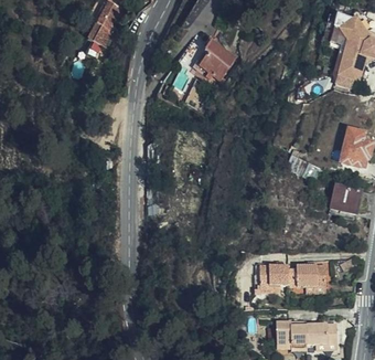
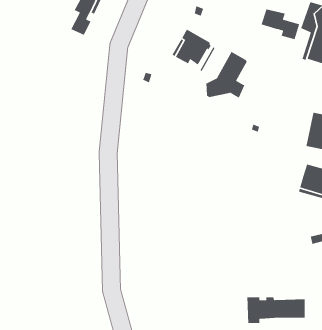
building: none -> [261,8,300,40]
building: none -> [206,51,248,99]
building: [258,264,324,287] -> none

